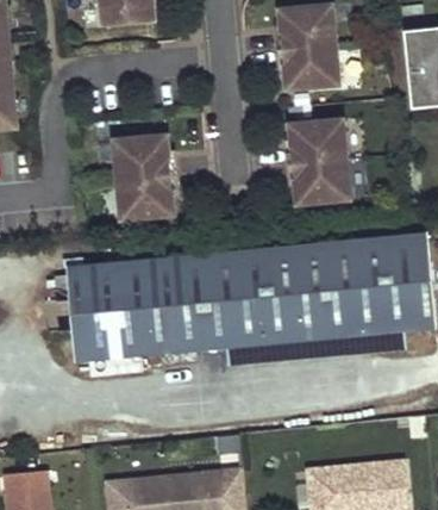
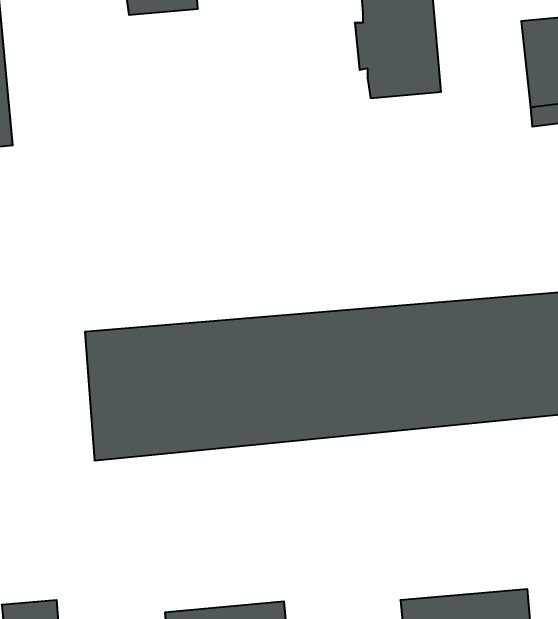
building: [284,118,350,203] -> none
building: [113,133,177,219] -> none

